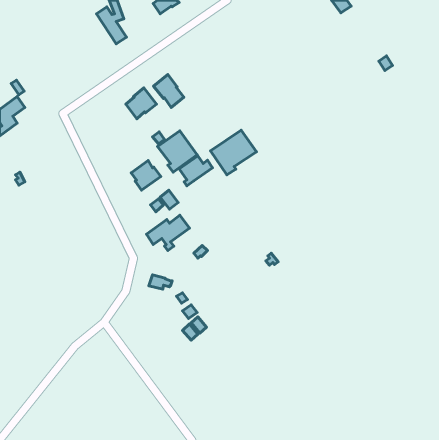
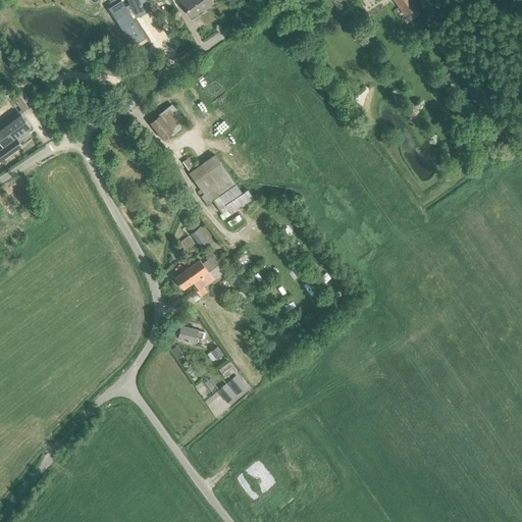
building: [153,75,184,108] -> none
building: [211,130,257,175] -> none
building: [131,161,161,190] -> none

